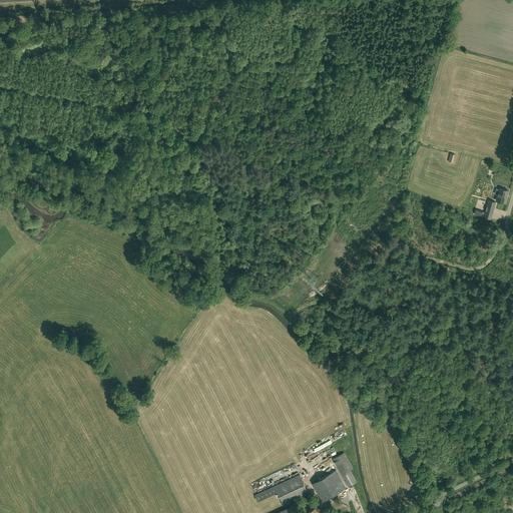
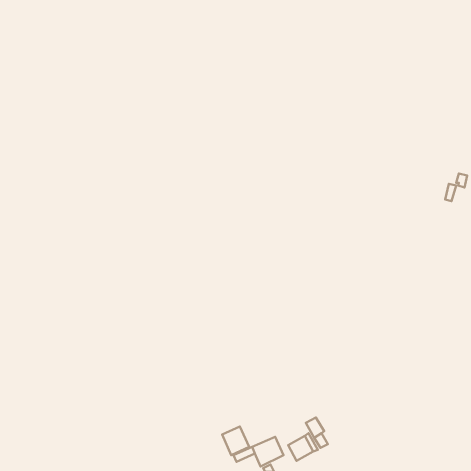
building: none -> [222,426,249,455]

